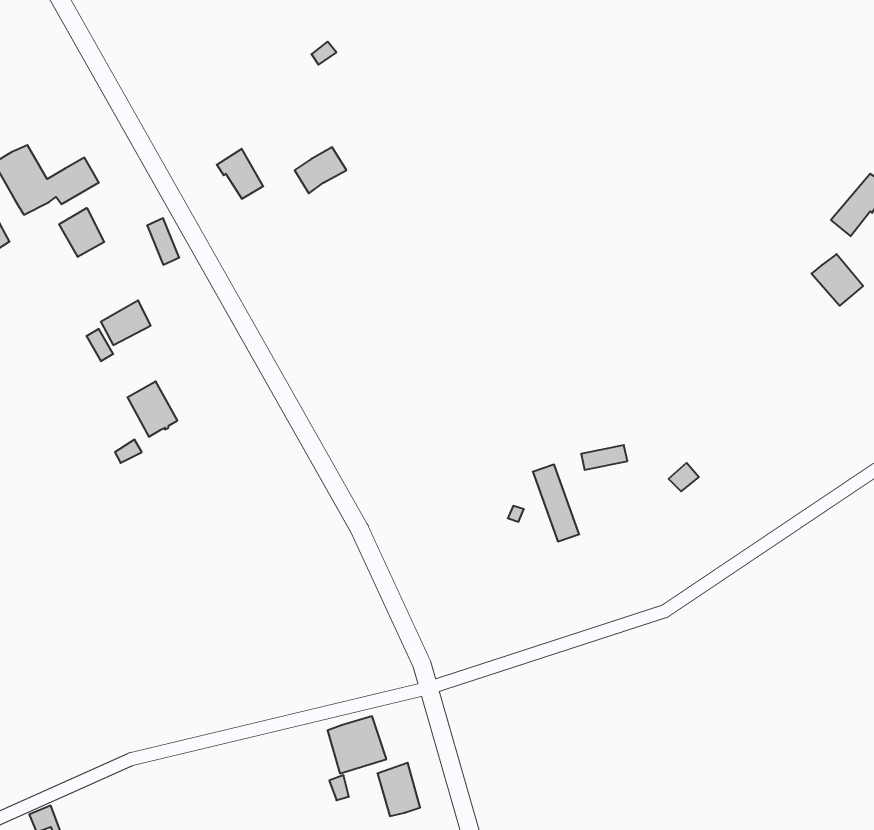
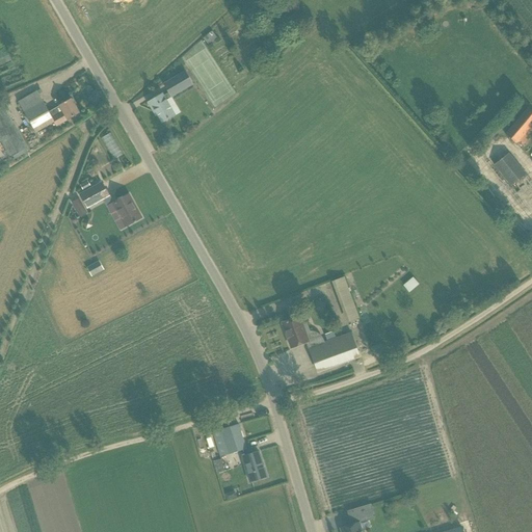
building: [295,147,346,193] -> [162,70,192,97]
building: [59,208,104,257] -> none
building: [127,381,177,437] -> [111,193,140,225]
building: none -> [281,313,360,371]

